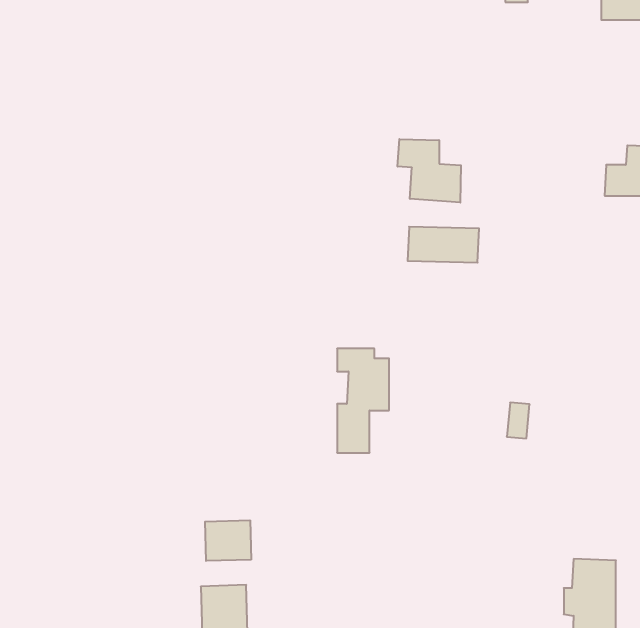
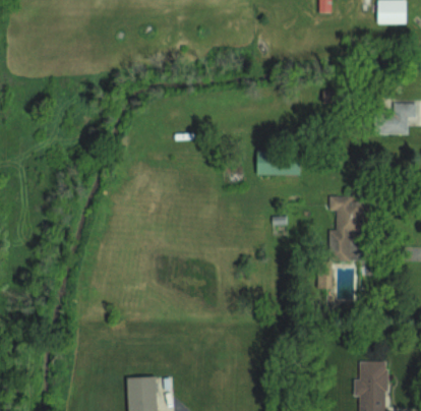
building: [398,139,461,203] -> none
building: [337,349,389,453] -> [329,195,362,260]
building: [205,520,251,561] -> none

